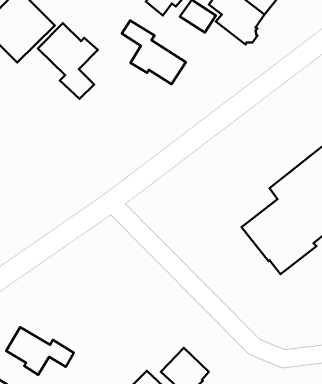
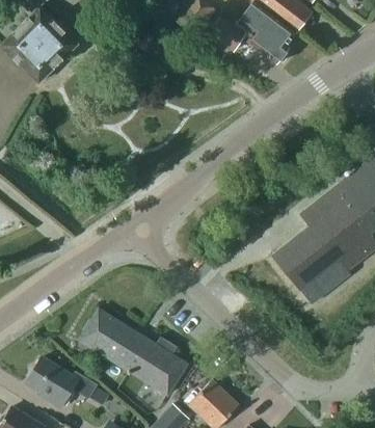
building: [122,21,186,84] -> none
building: [38,23,98,99] -> none
building: none -> [79,309,187,395]

